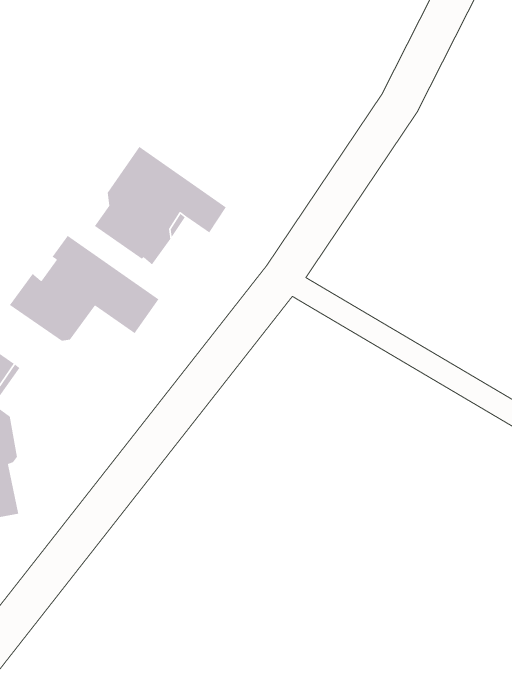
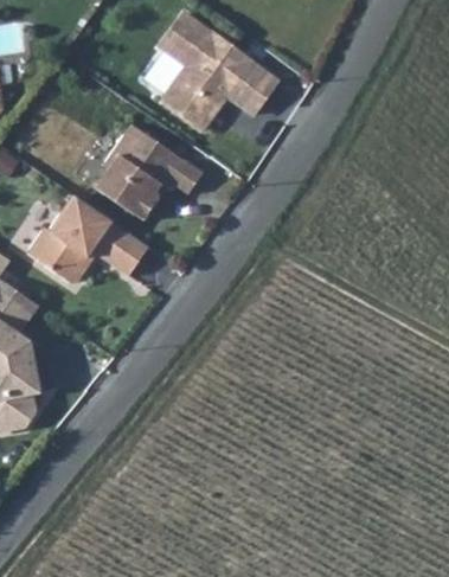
building: none -> [165,14,280,128]

